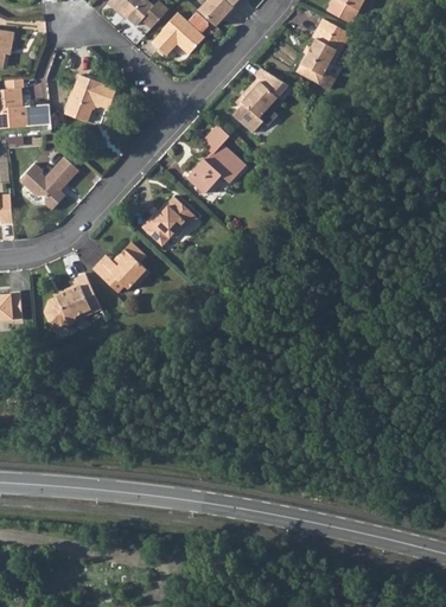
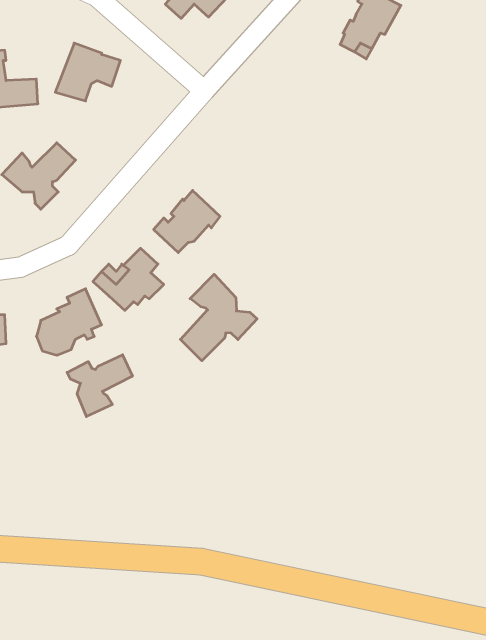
building: [231,70,292,128] -> none
building: [186,123,244,192] -> none
building: none -> [180,274,257,361]
building: none -> [67,355,132,417]

